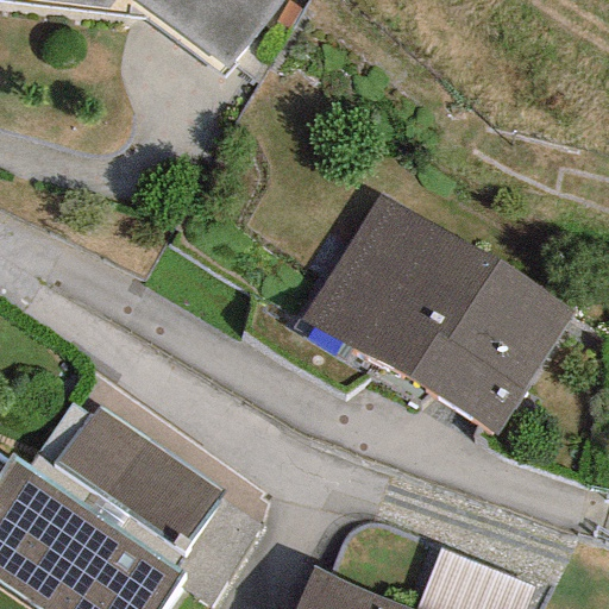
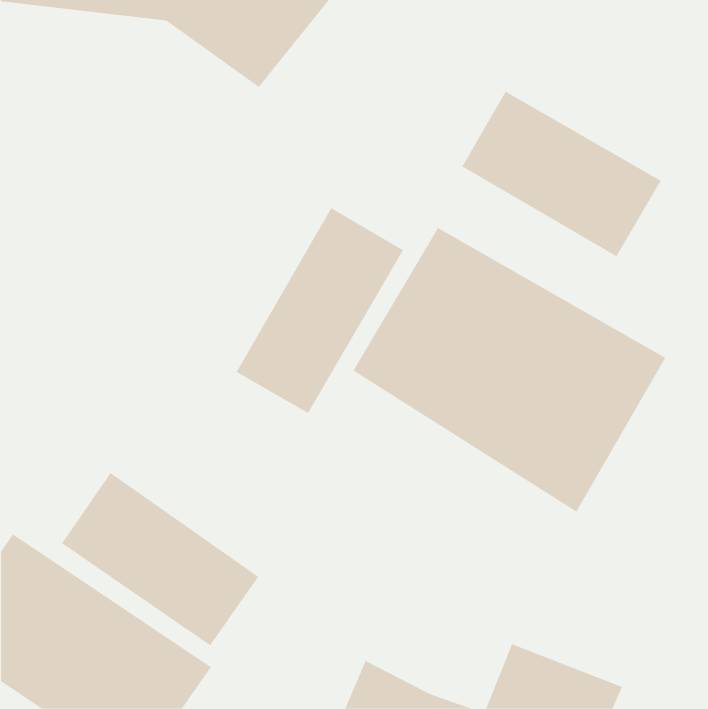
building: none -> [462,91,662,257]
building: none -> [236,207,404,414]

